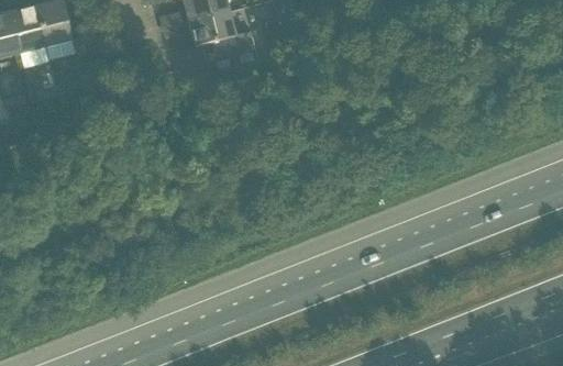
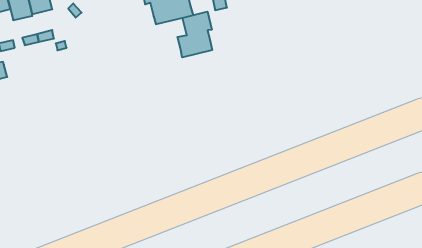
building: none -> [177,12,212,57]

